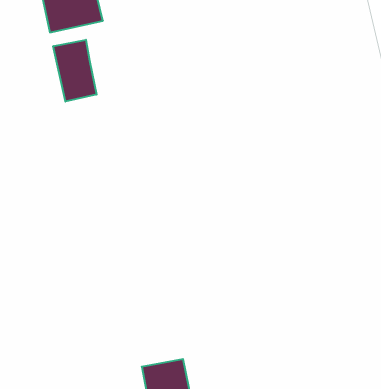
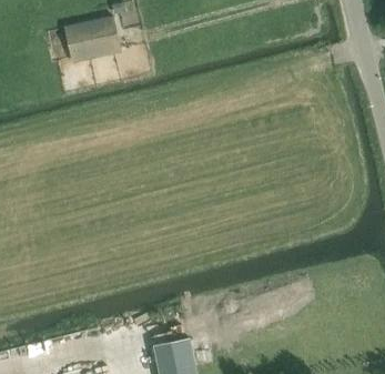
building: [53,40,97,102] -> none

